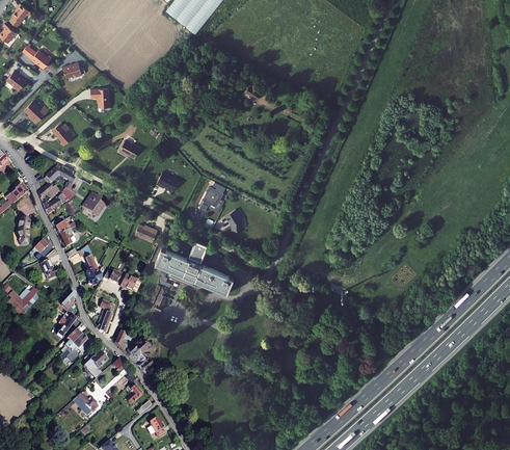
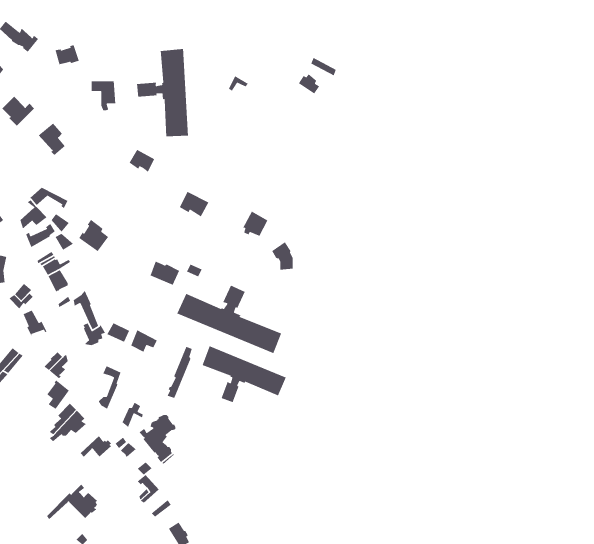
building: none -> [136,48,189,137]
building: none -> [202,345,287,403]

